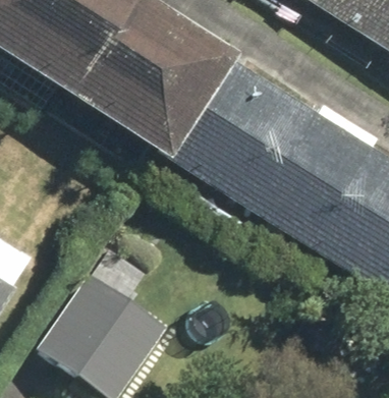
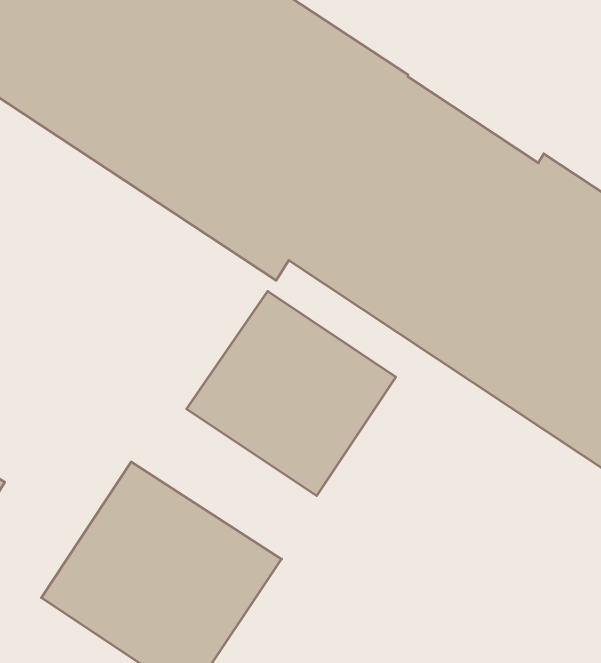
building: none -> [187,291,396,496]

